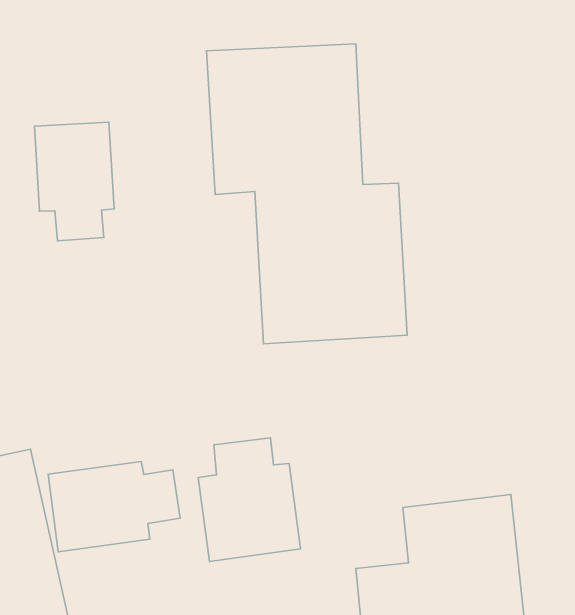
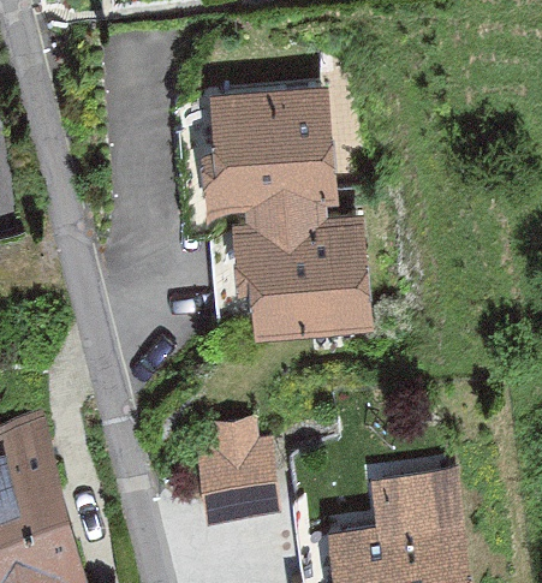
building: [35,122,114,241] -> none
building: [48,461,180,552] -> none

